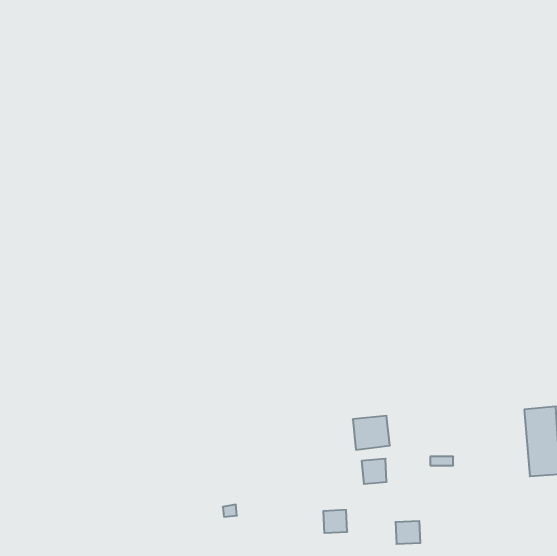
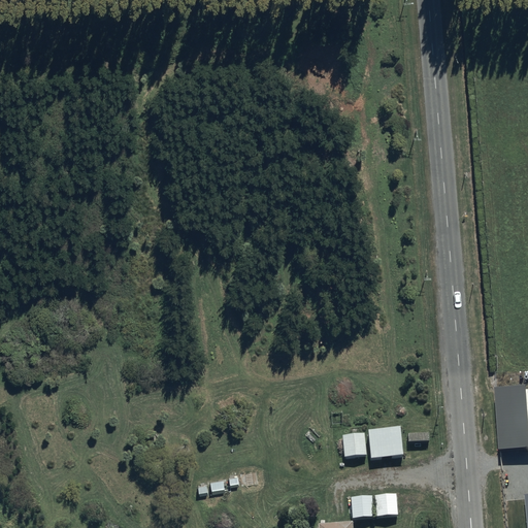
building: [353,416,390,450] -> [368,428,403,460]
building: [323,510,347,533] -> [351,494,373,516]

